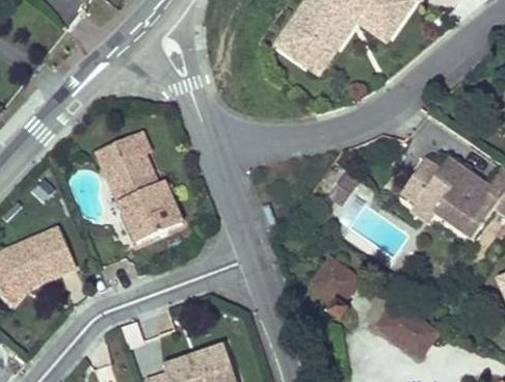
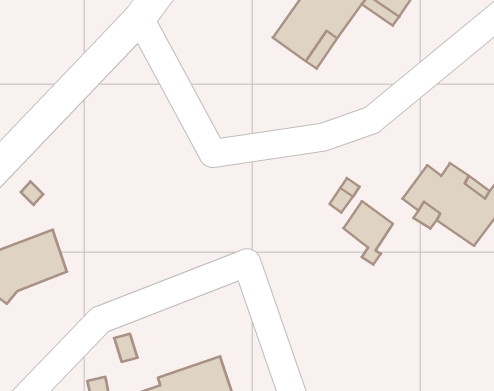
building: [105,138,185,244] -> none
building: [312,261,360,322] -> [343,201,393,265]
building: [378,305,437,356] -> none

